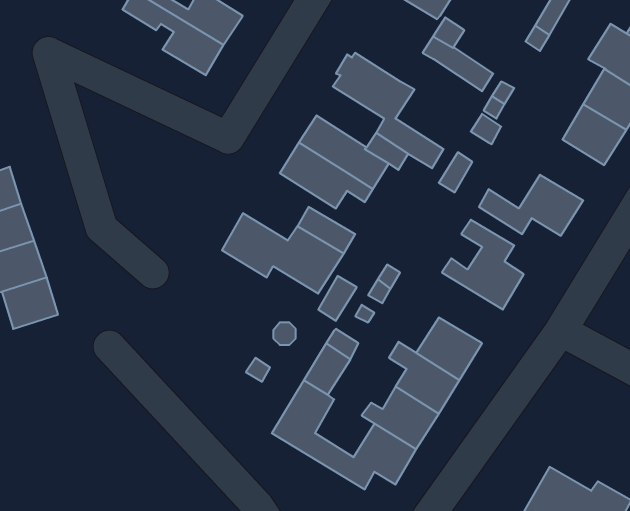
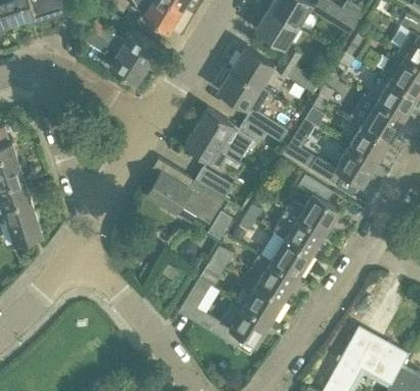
building: none -> [232,47,275,87]
building: none -> [349,124,390,163]
building: none -> [274,209,326,254]

